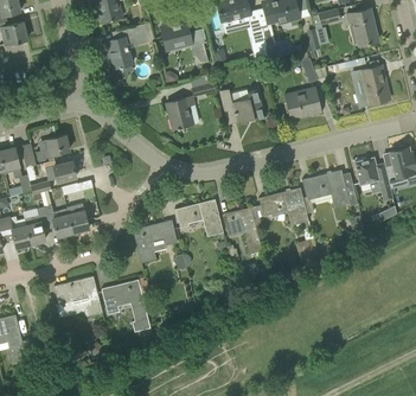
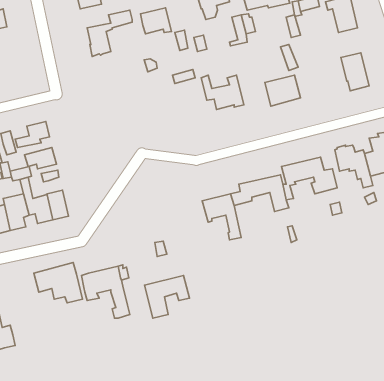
building: [165,96,194,129] -> none
building: [174,198,223,236] -> none
building: [132,219,177,262] -> [144,276,189,318]

